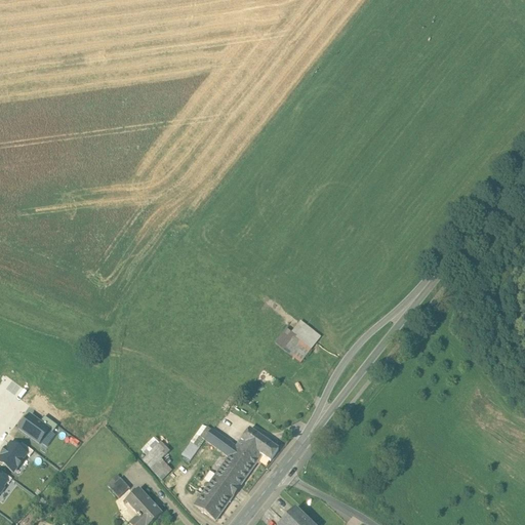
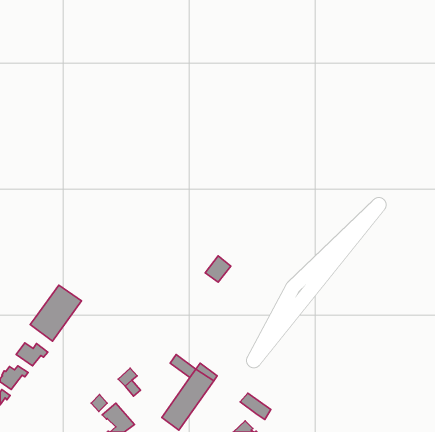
building: [289,322,320,354] -> [205,256,231,282]
building: none -> [30,285,81,341]
building: [241,428,278,459] -> [240,393,271,420]

